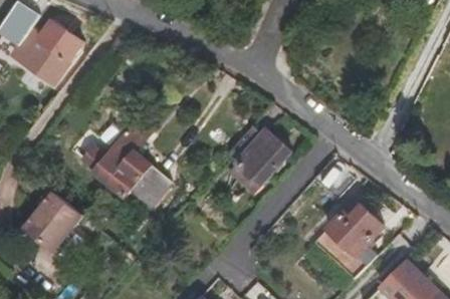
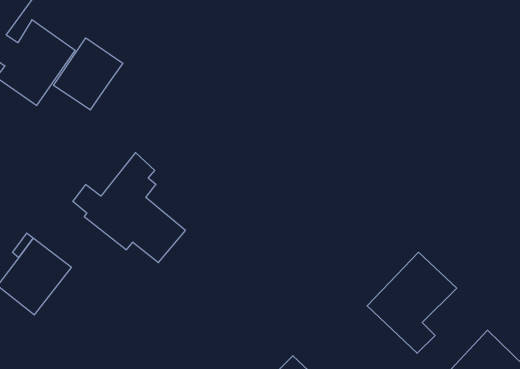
building: none -> [54,38,123,110]
building: [226,125,292,186] -> none

